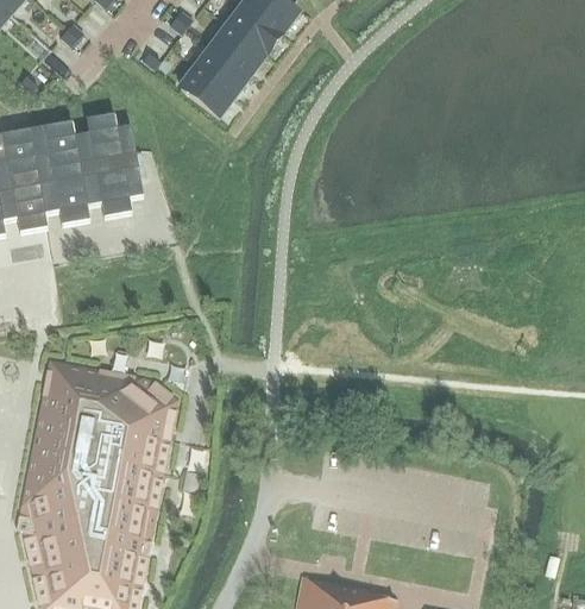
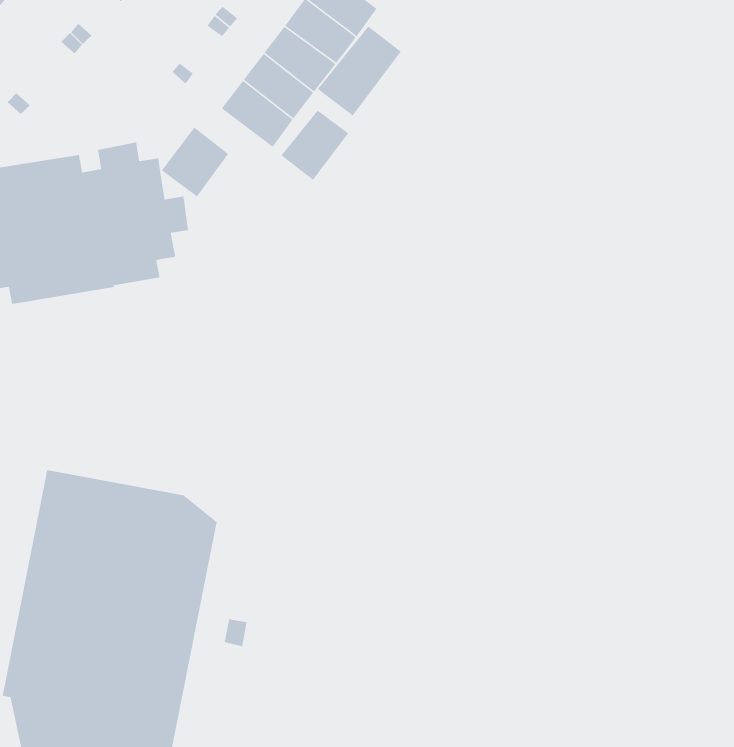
building: none -> [317,26,402,116]
building: none -> [281,109,349,181]
building: none -> [161,126,229,198]

